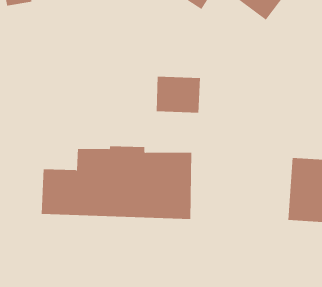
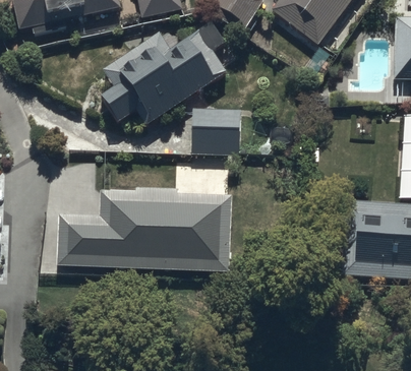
building: none -> [101,23,225,125]

